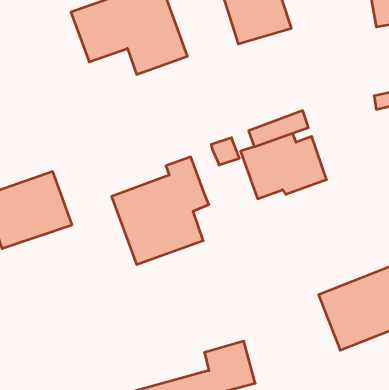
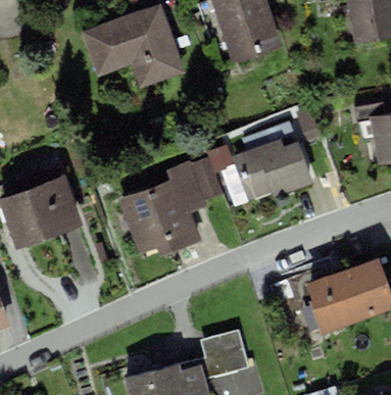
building: none -> [189,155,222,198]

